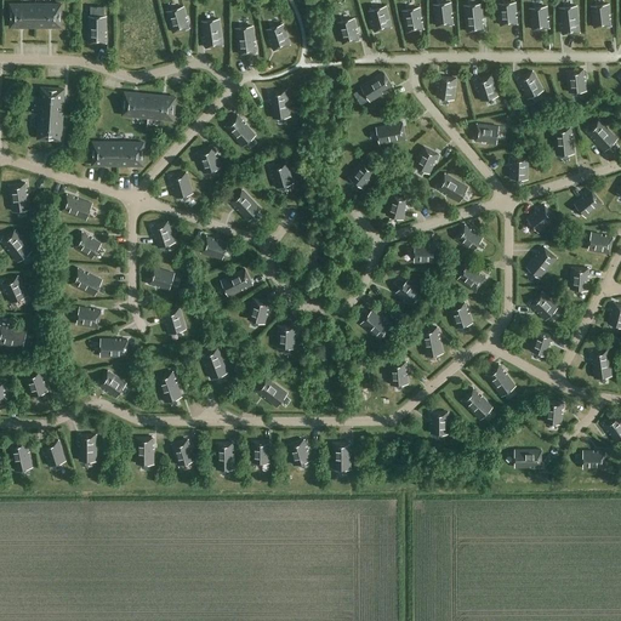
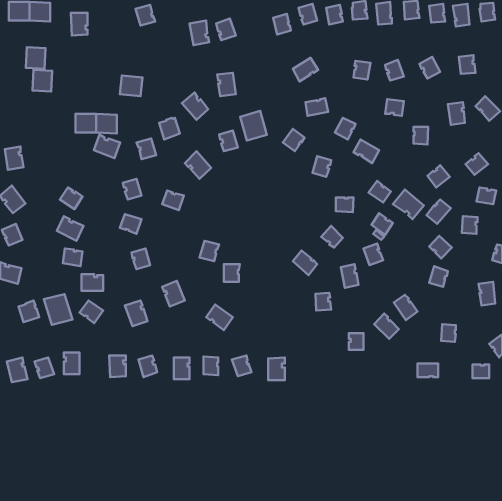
building: [201,18,224,47] -> none
building: [124,91,150,116] -> none
building: [39,112,63,138] -> [26,47,46,69]
building: none -> [240,111,267,141]
building: [61,193,93,222] -> [94,135,120,158]
building: none -> [393,190,424,219]
building: [220,267,252,297] -> none
building: none -> [44,294,73,325]

